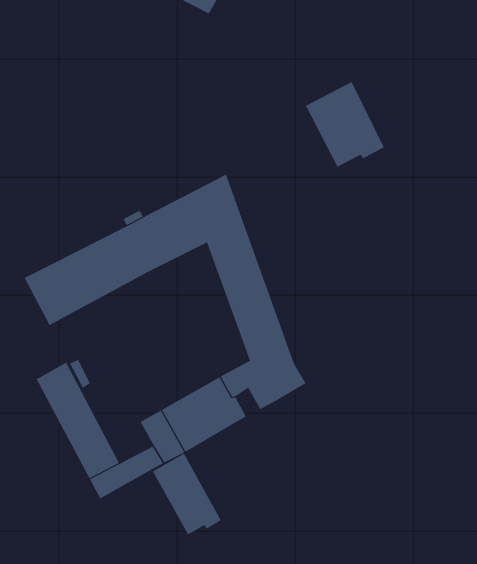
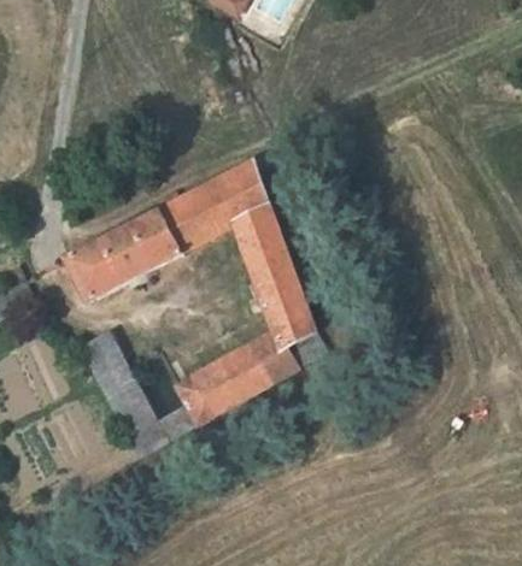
building: [305,81,385,168] -> none
building: [152,453,221,535] -> none

